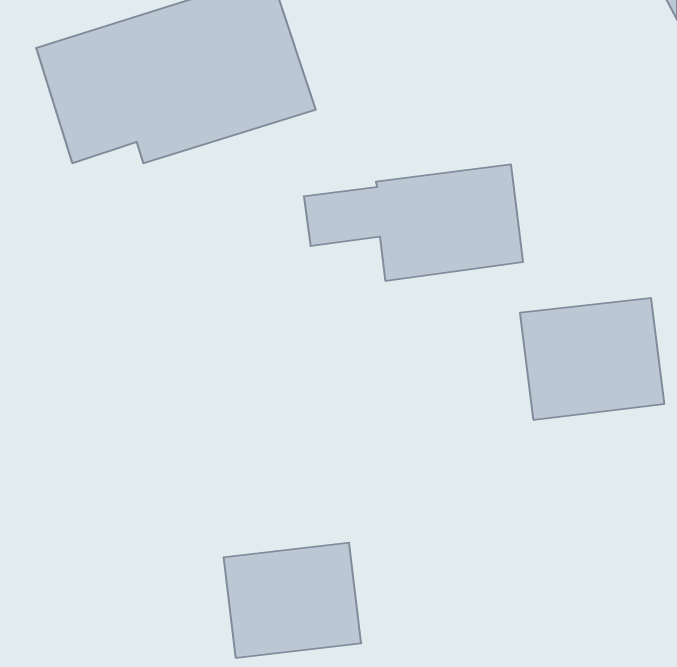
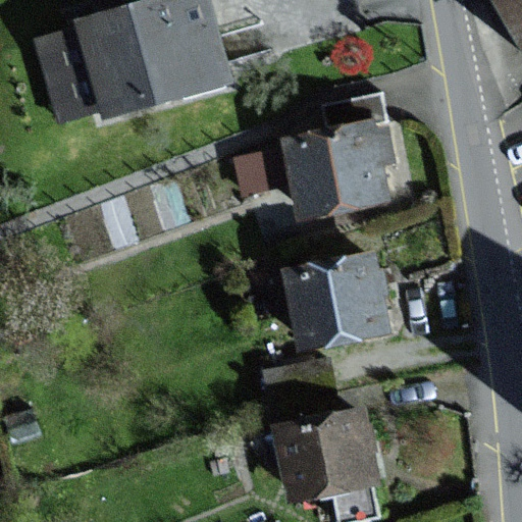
building: [520,298,664,420] -> [283,252,394,345]
building: [223,543,361,658] -> [274,408,379,495]

